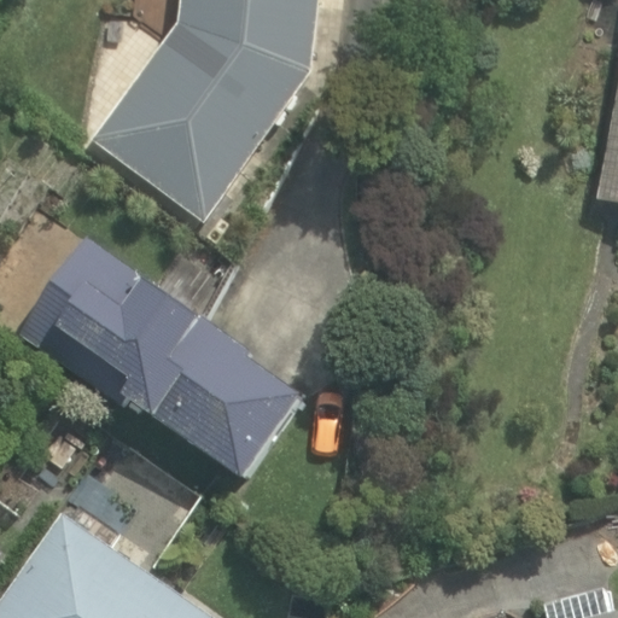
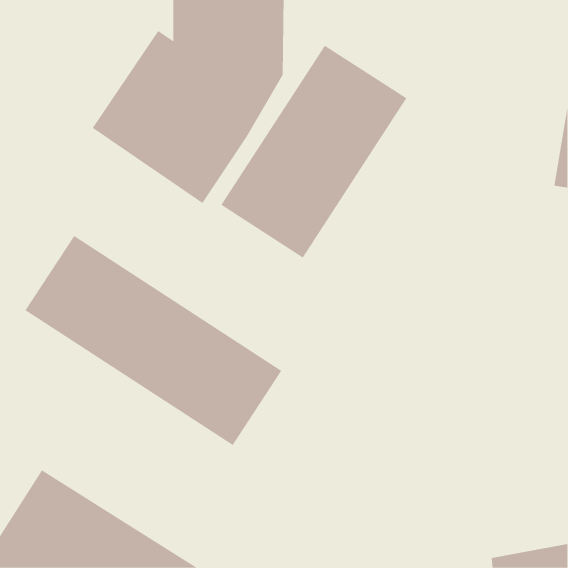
building: none -> [220,45,407,258]

